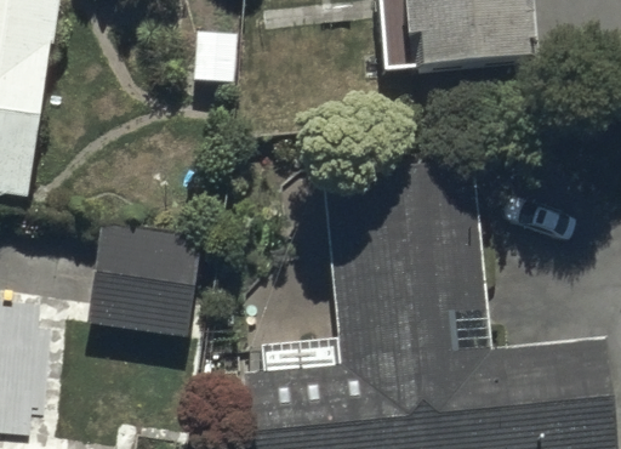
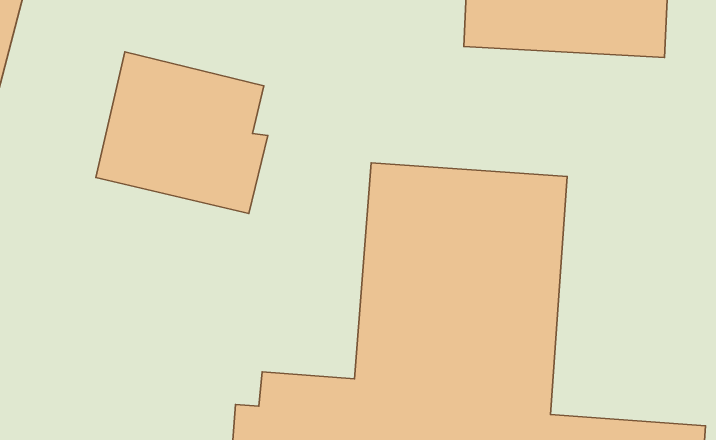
building: [89,226,216,336] -> [96,52,268,214]

